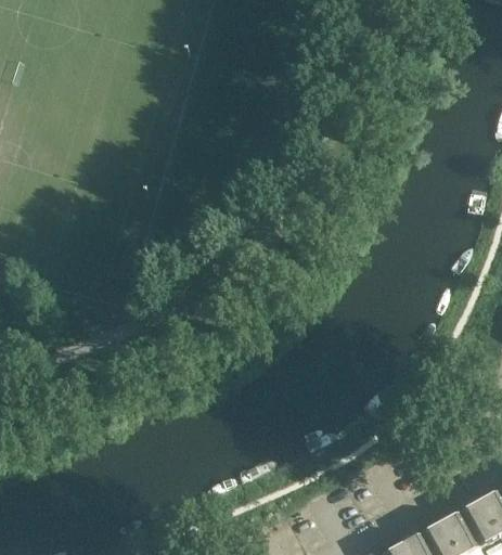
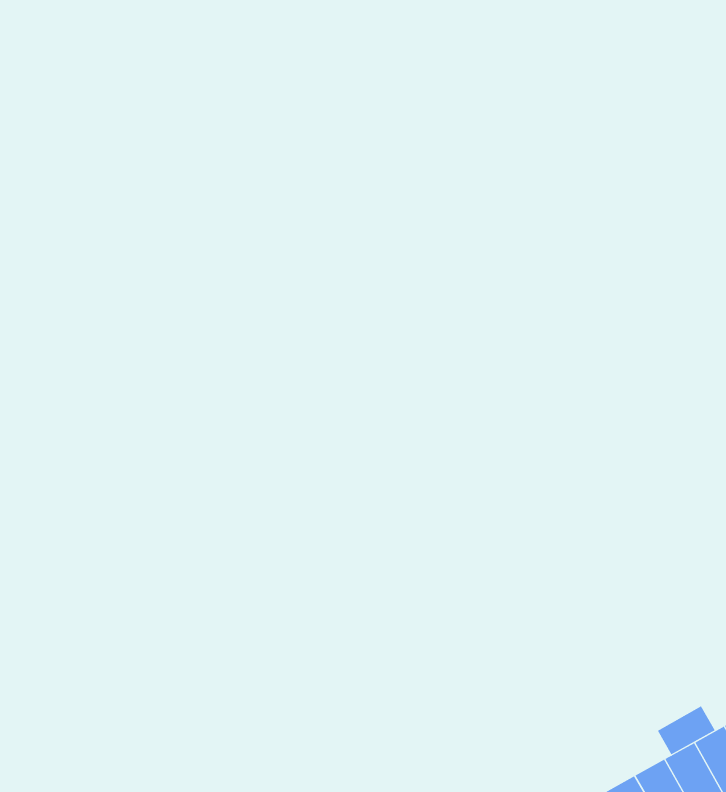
building: none -> [657,706,715,755]

